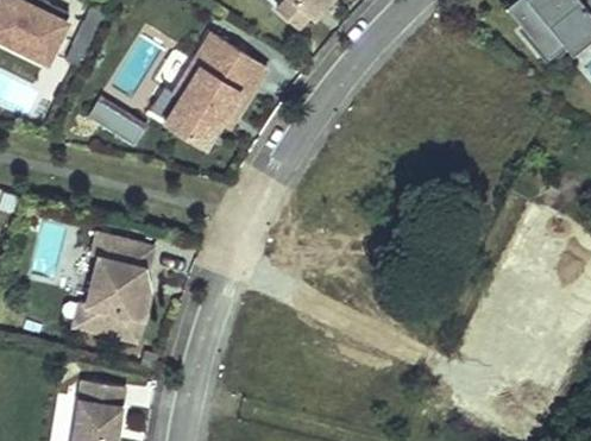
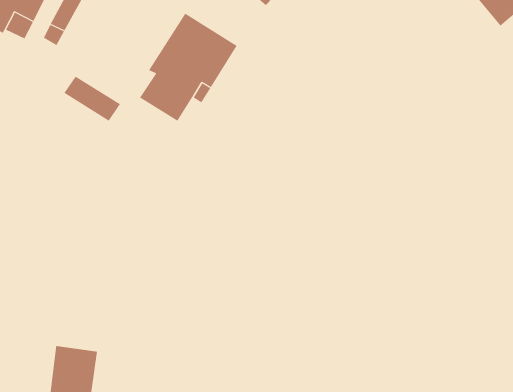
building: [73,233,152,341] -> none

